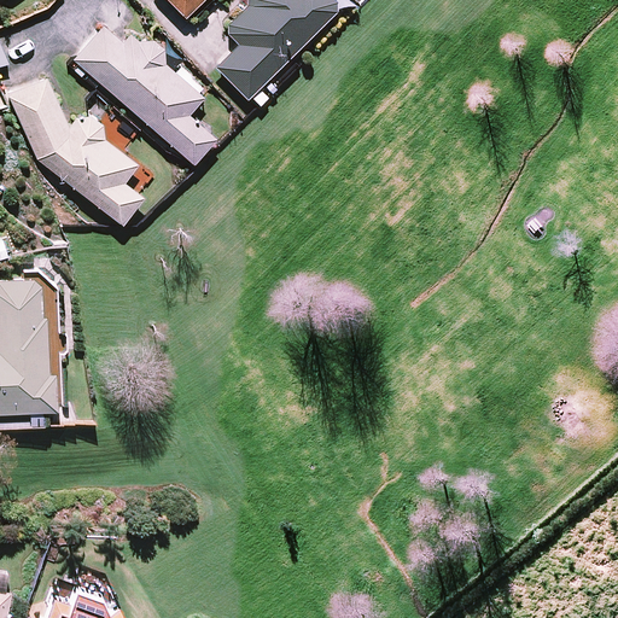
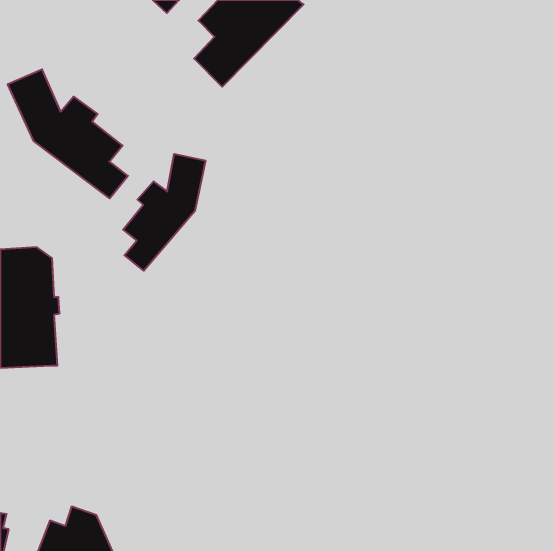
building: [74,27,220,169] -> none
building: none -> [123,154,205,271]

